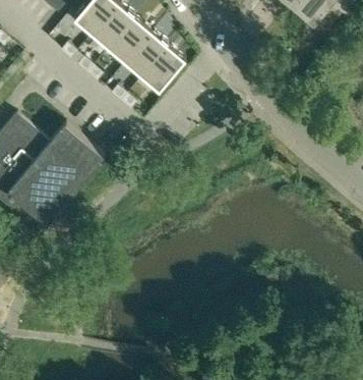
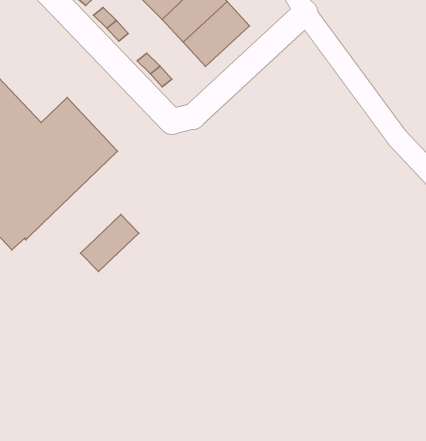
building: none -> [81,215,139,272]

